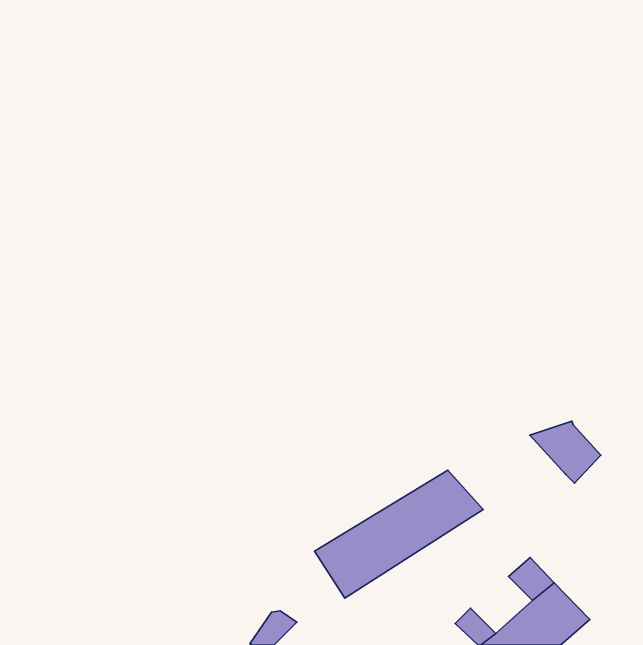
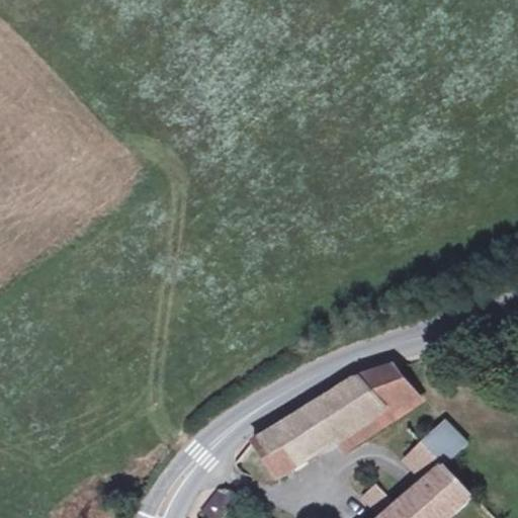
building: [530,421,601,483] -> [357,364,414,414]
building: none -> [420,420,465,465]

